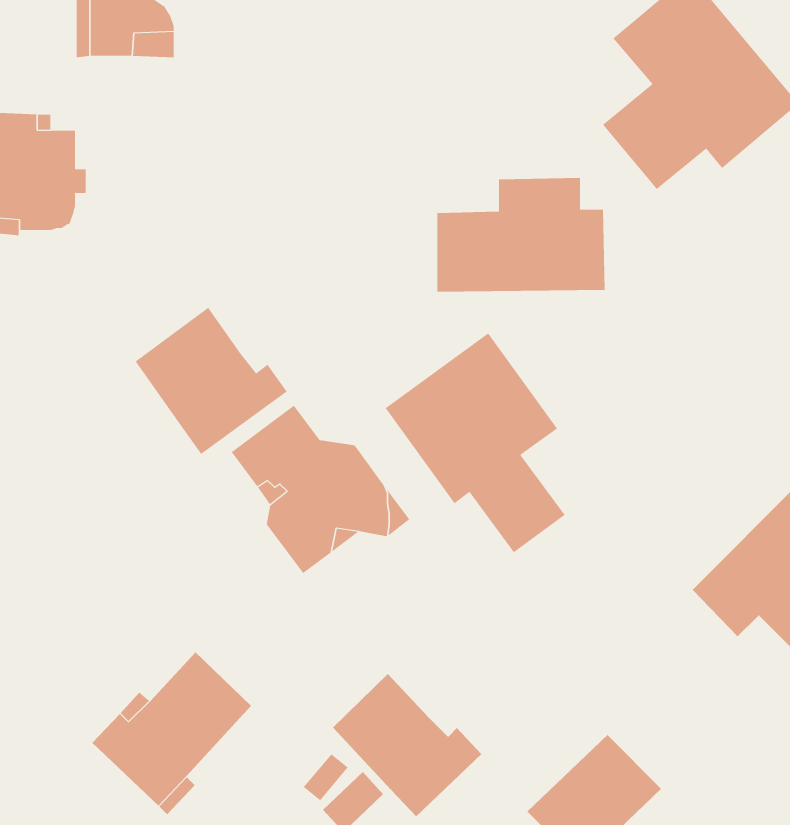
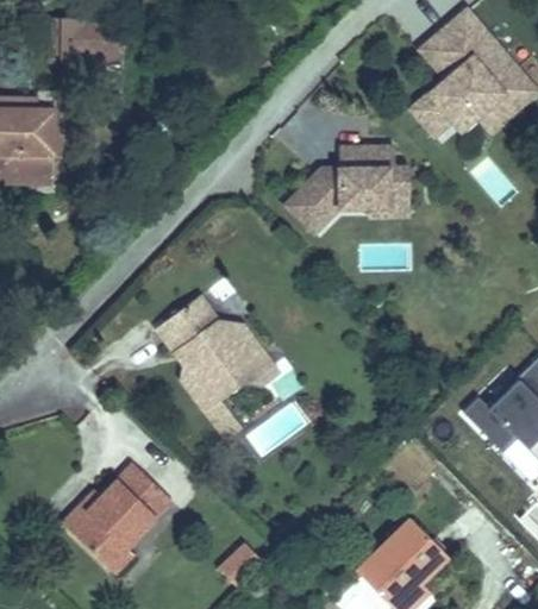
building: [135,307,288,455] -> none
building: [385,333,566,553] -> none
building: [332,673,482,817] -> none

